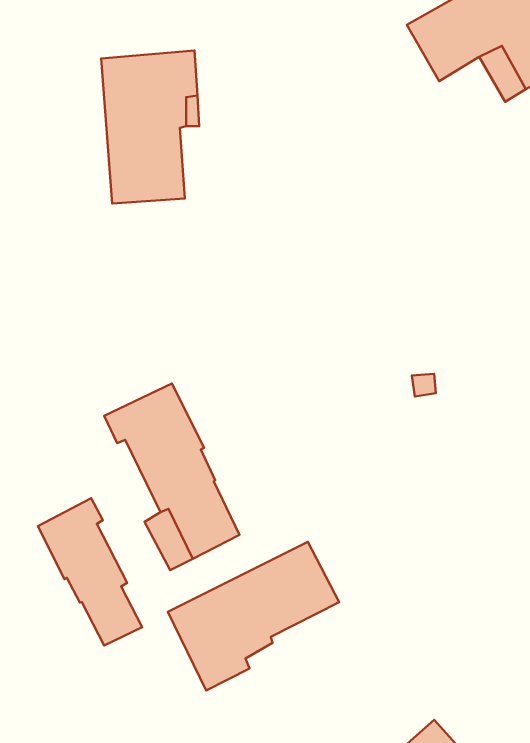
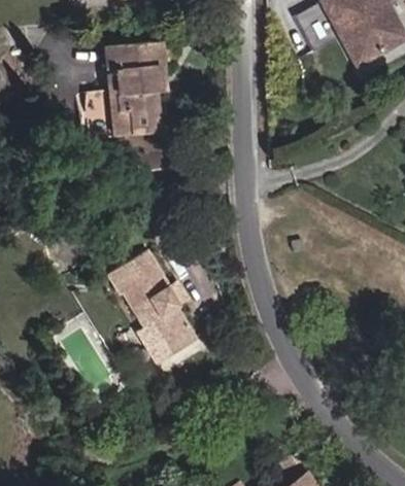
building: [38,498,142,645] -> none
building: [168,542,339,690] -> none

